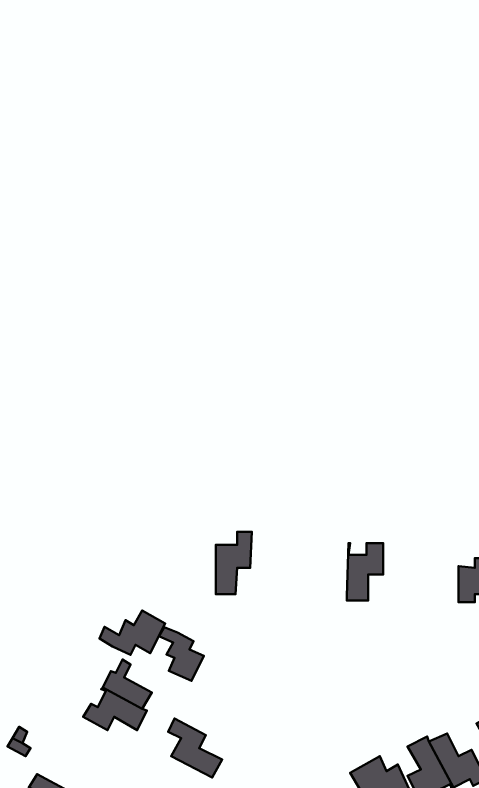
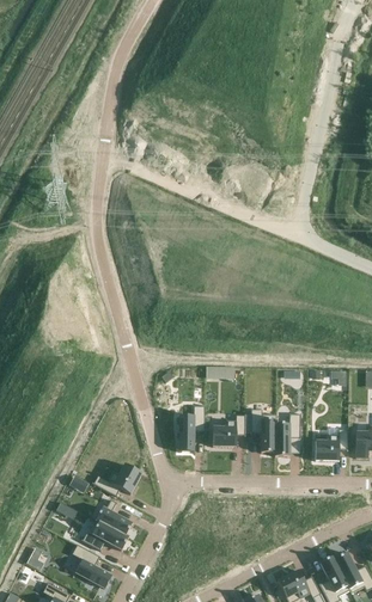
building: none -> [249,410,274,453]
building: none -> [211,416,244,447]
building: none -> [313,430,347,461]
building: [159,627,204,681] -> none
building: [168,719,222,778] -> [71,545,110,588]

